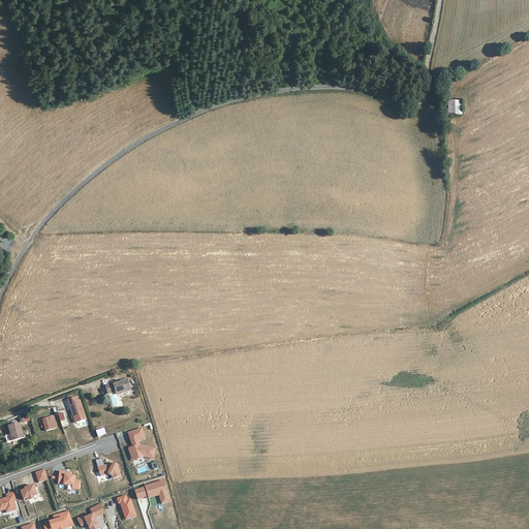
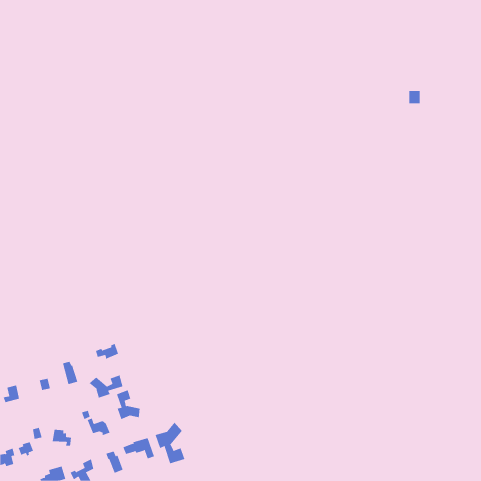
building: none -> [89,374,123,399]
building: none -> [155,422,185,464]

